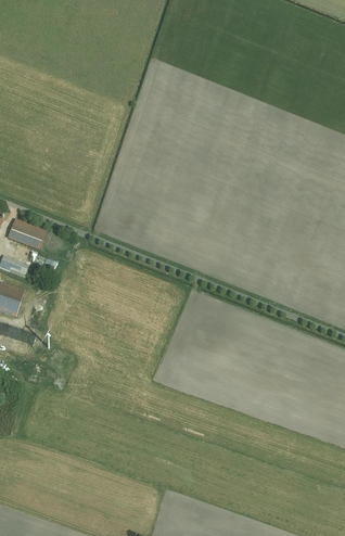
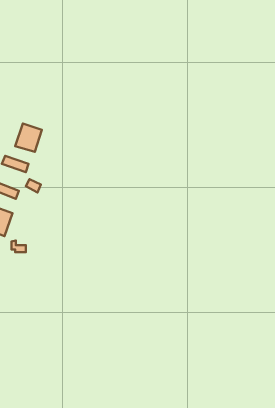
building: none -> [15,123,42,152]

